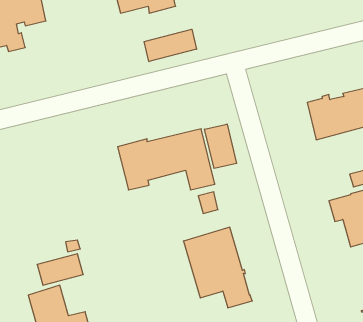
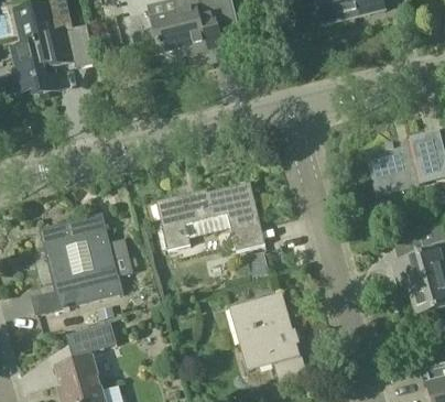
building: [144,29,197,62] -> none
building: [205,124,237,168] -> none
building: none -> [32,214,121,314]

